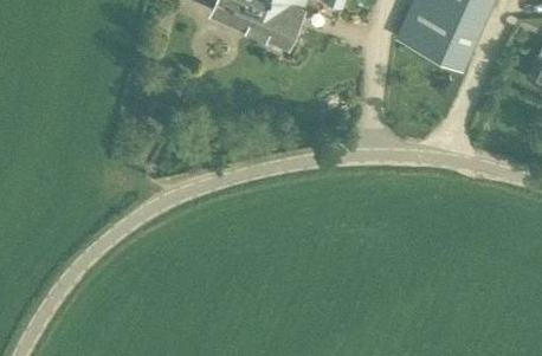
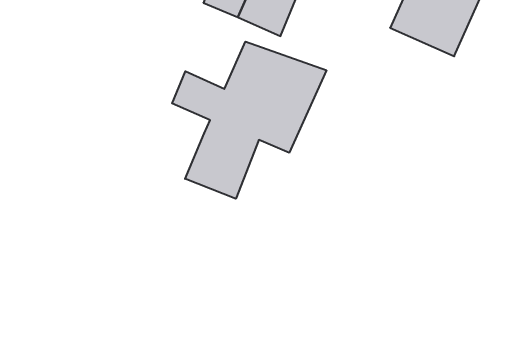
building: none -> [172,42,326,199]

